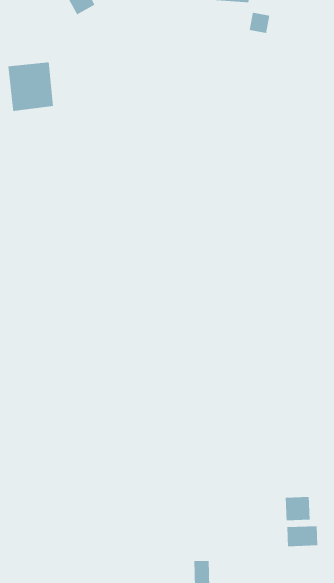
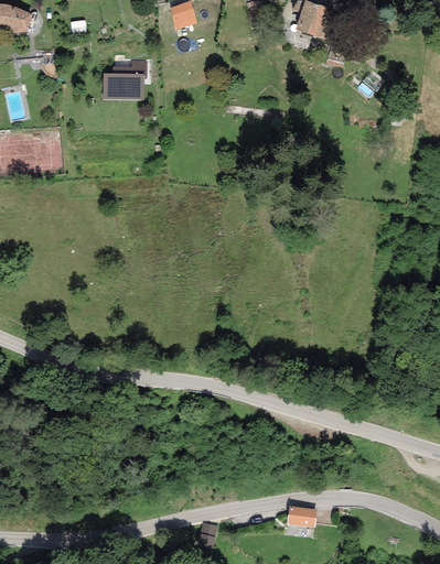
building: [285,496,310,521] -> none

